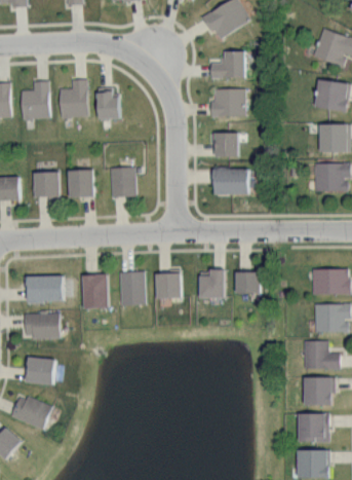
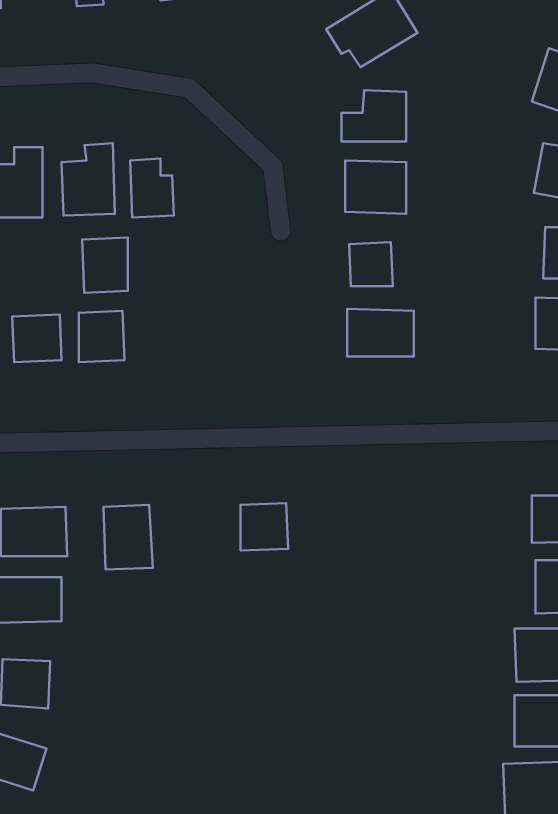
building: [110,168,134,197] -> [82,237,128,293]
building: [198,270,224,298] -> none
building: [119,271,145,305] -> none
building: [234,272,259,293] -> none

